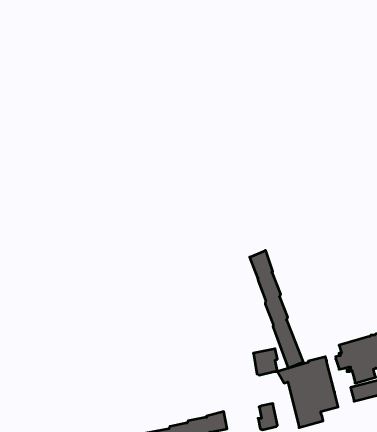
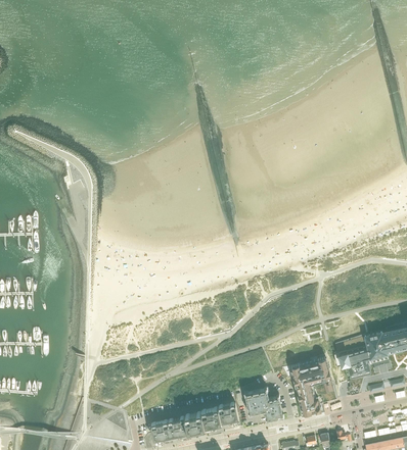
building: [250,250,303,368] -> none
building: [253,349,277,375] -> [245,389,267,412]

